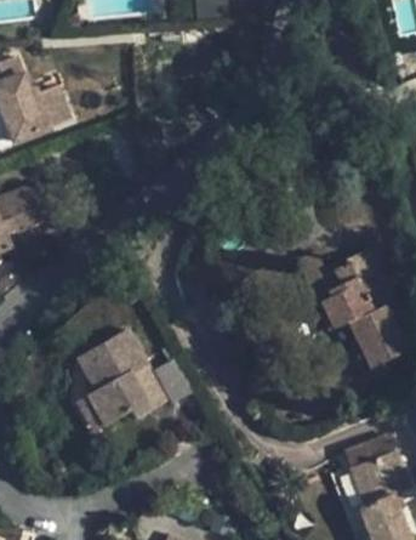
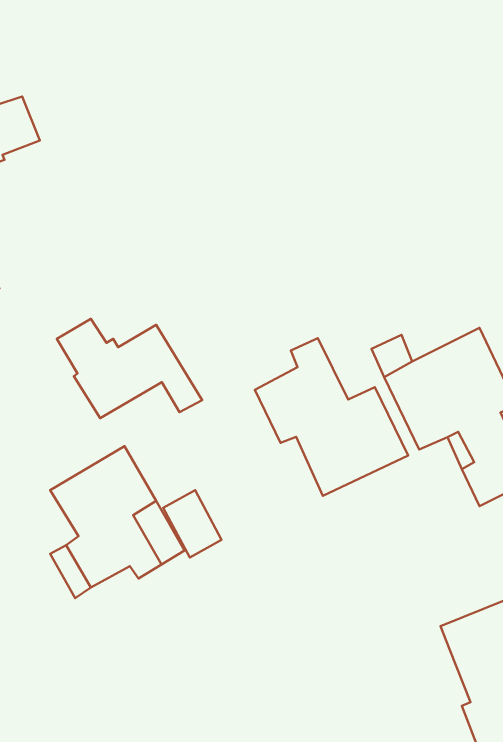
building: none -> [57,319,202,418]
building: none -> [255,338,408,496]

